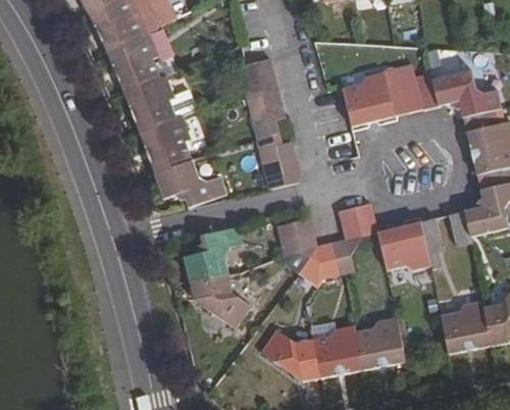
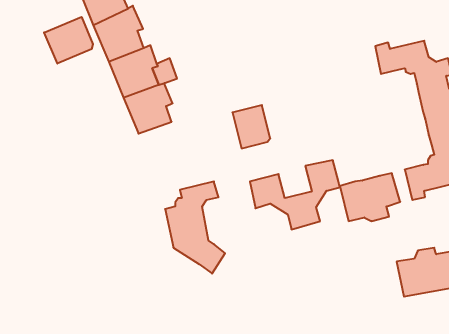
building: none -> [44,17,93,64]
building: [240,58,286,125] -> none
building: [343,63,423,124] -> none
building: [155,159,227,206] -> none
building: [261,316,406,380] -> none

